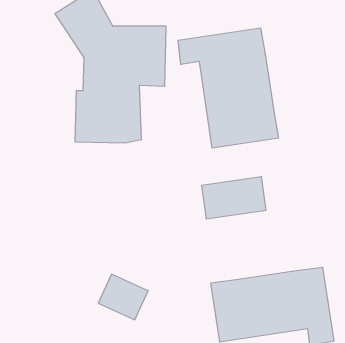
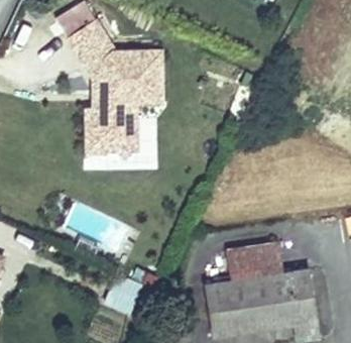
building: [178,28,278,148] -> none
building: [202,177,266,219] -> [224,242,282,280]

